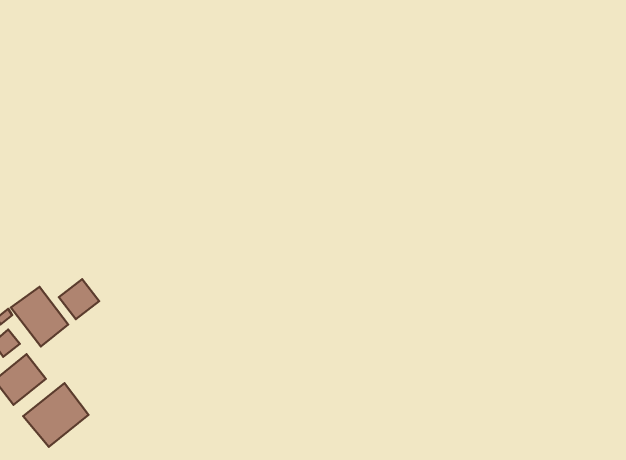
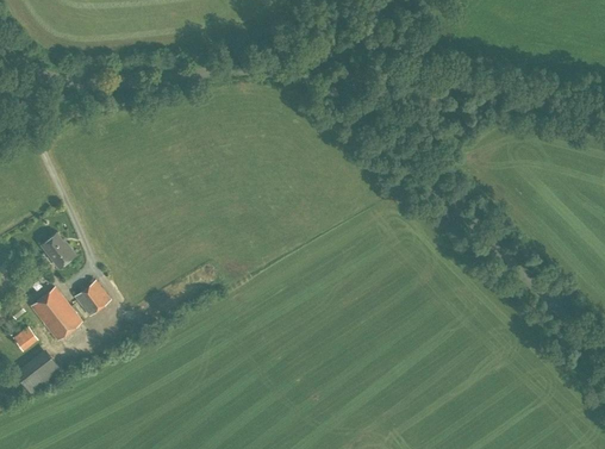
building: none -> [42,233,75,268]
building: [23,383,89,447] -> none

